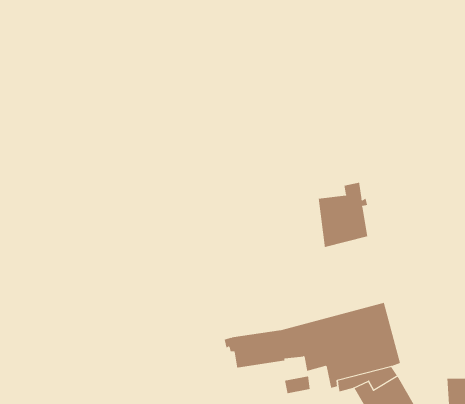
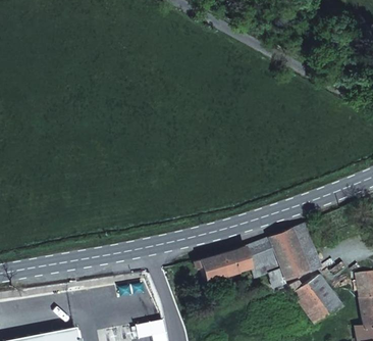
building: [318,182,368,248] -> none

